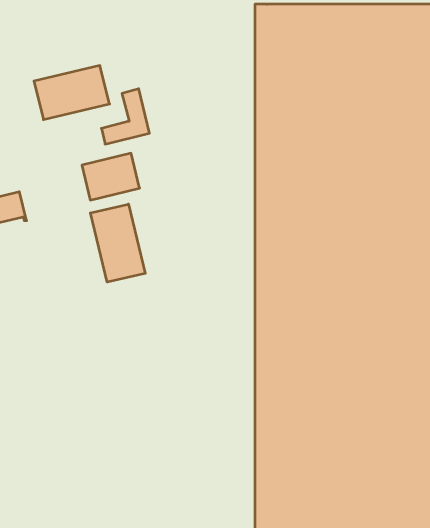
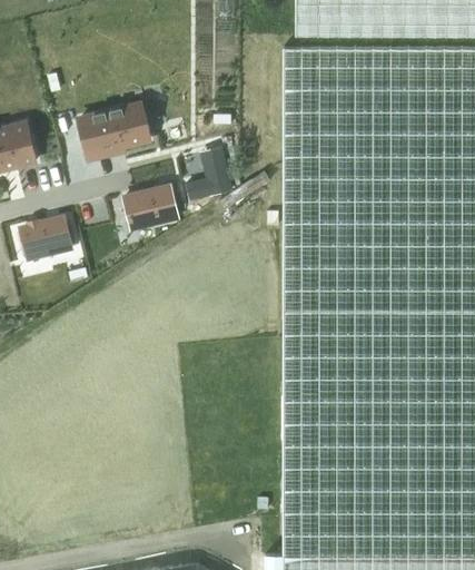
building: [101,89,149,144] -> [186,147,230,198]
building: [90,204,145,282] -> none

